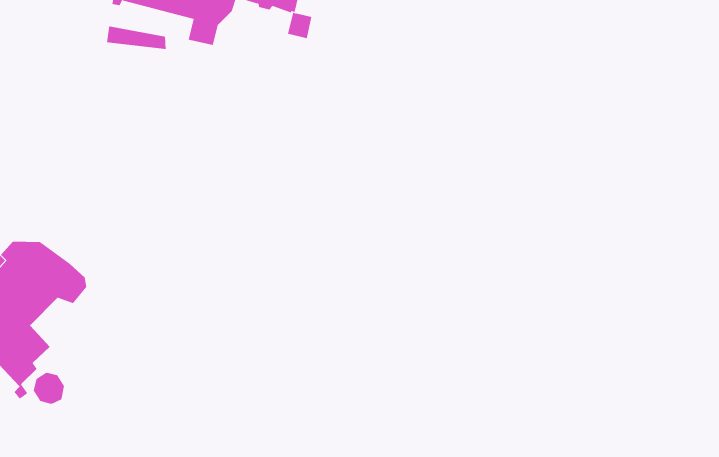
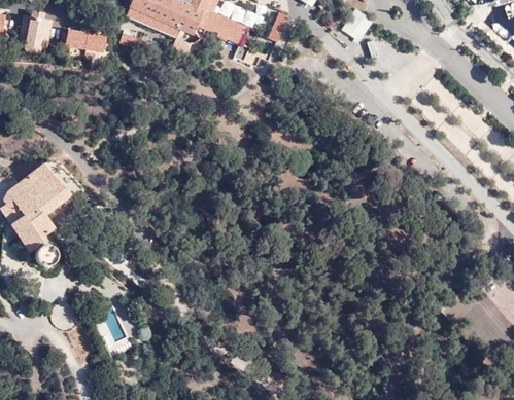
building: none -> [67,29,107,50]

